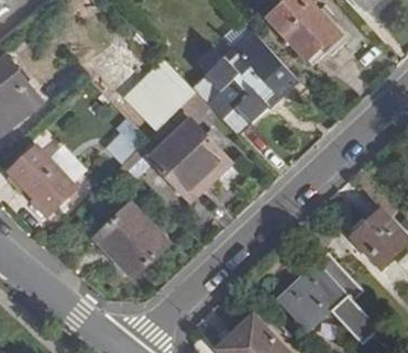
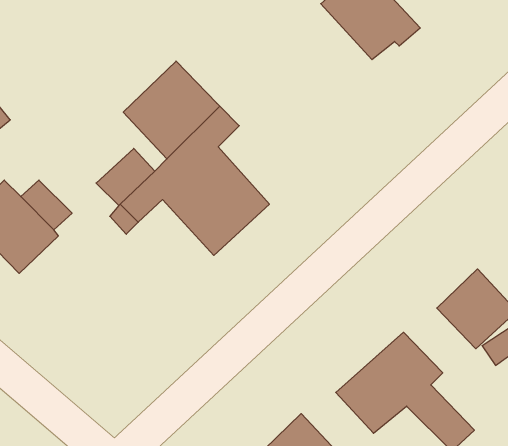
building: [191,32,296,136] -> none
building: [95,205,167,277] -> none

